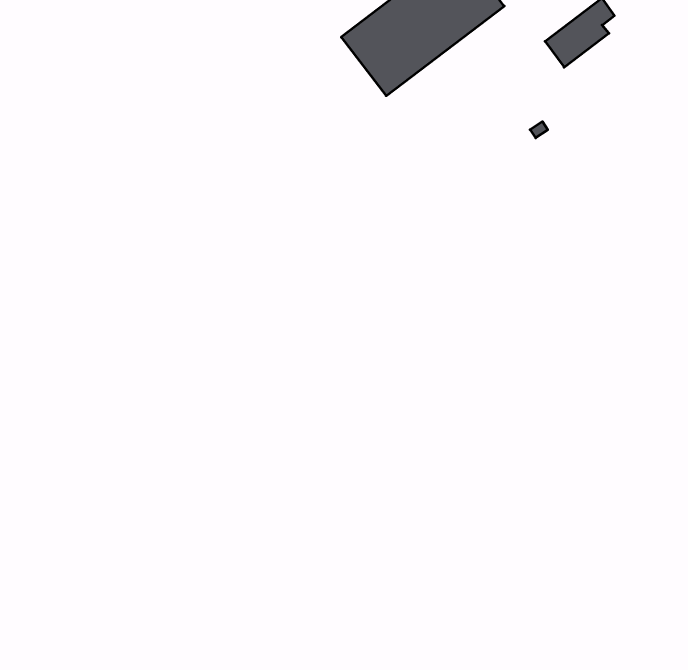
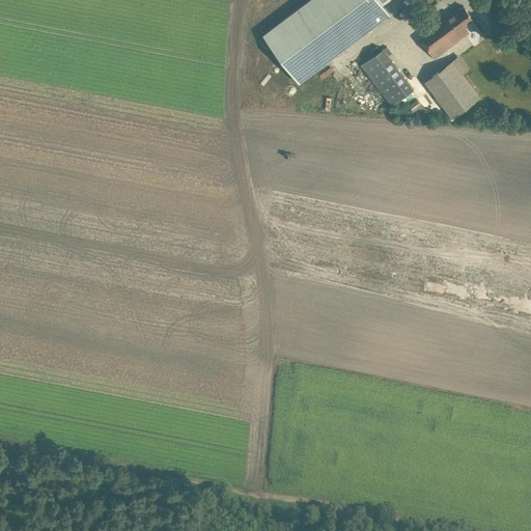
building: none -> [361,50,414,107]
building: none -> [424,62,480,120]

